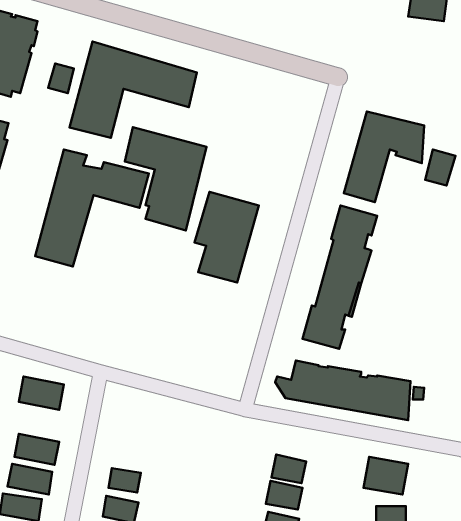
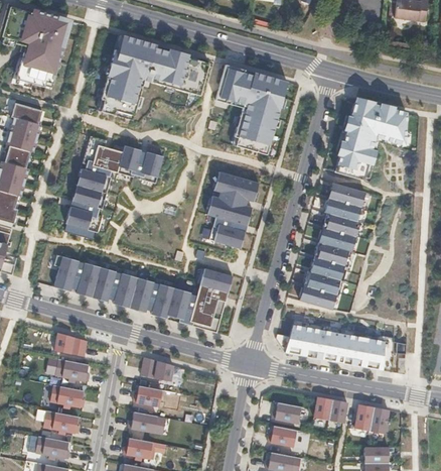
building: [48,64,74,93] -> none
building: [125,127,206,230] -> [216,70,288,160]
building: [425,149,456,186] -> none
building: none -> [51,245,235,332]
building: none -> [139,358,175,383]
building: none -> [50,359,90,386]
building: none -> [132,386,164,411]
building: none -> [311,396,349,427]

